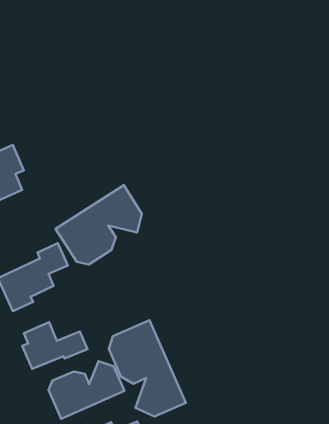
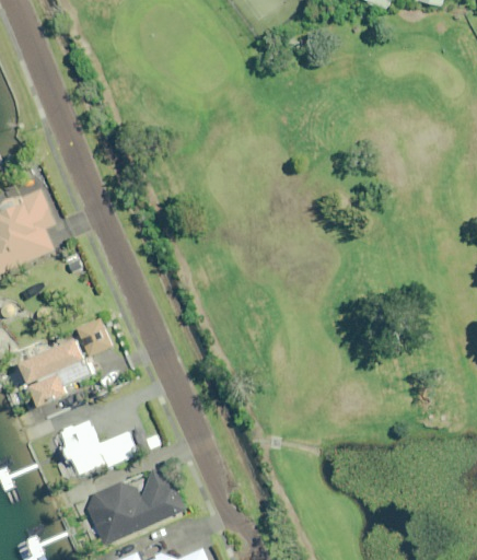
building: [56,185,142,264] -> none
building: [109,320,186,416] -> none

